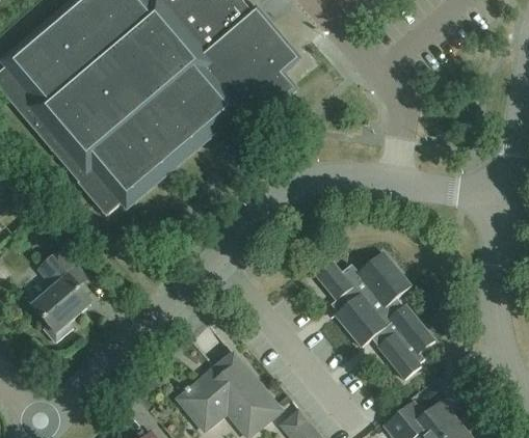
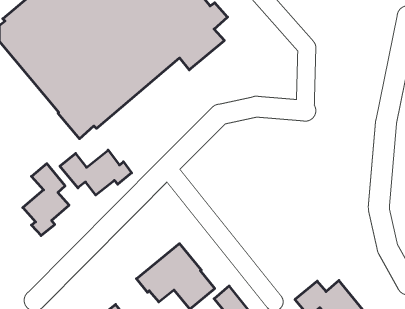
building: none -> [60,150,132,195]
building: [317,251,435,379] -> none

